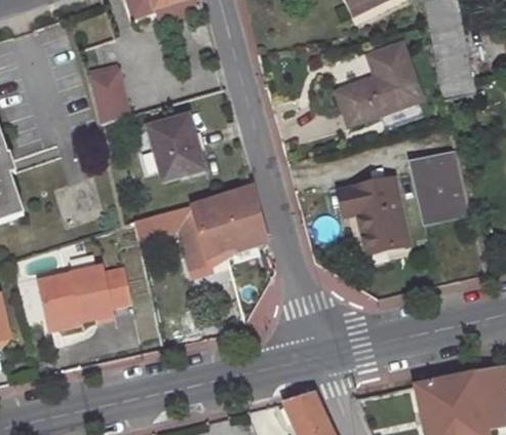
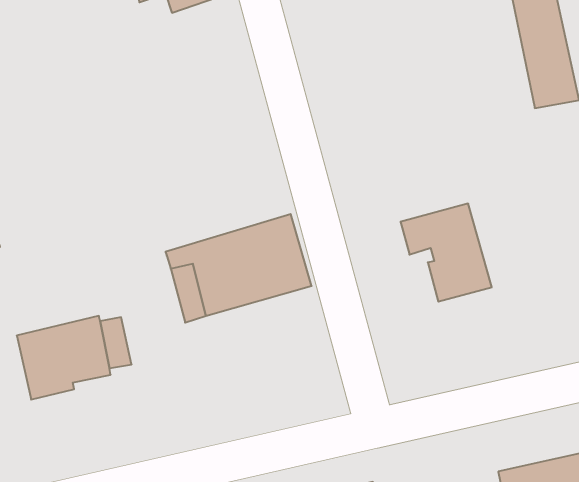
building: [338,43,421,125] -> none
building: [93,76,129,125] -> none
building: [145,113,202,174] -> none
building: [410,149,469,221] -> none

